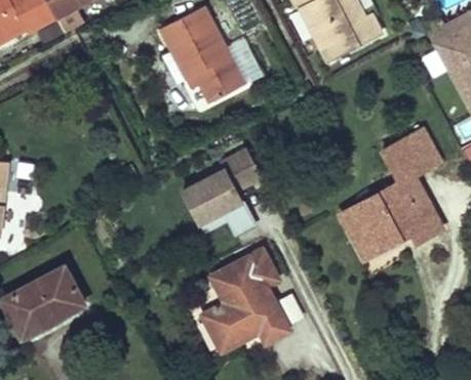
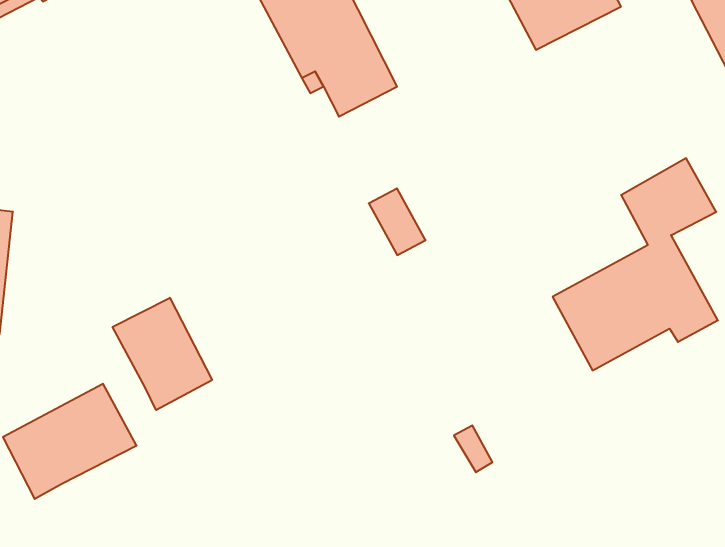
building: [180,166,253,235] -> none
building: none -> [113,298,212,410]
building: [203,250,289,351] -> none

